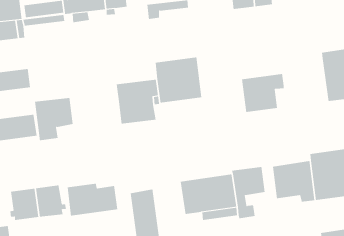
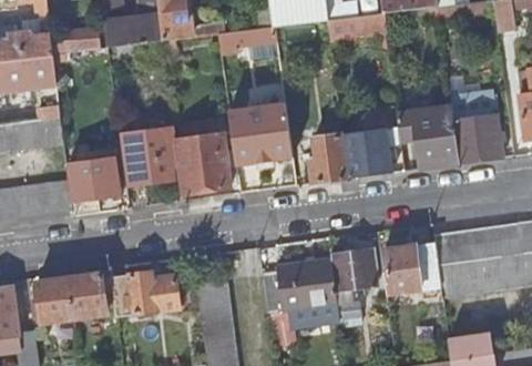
building: none -> [397,105,459,169]
building: none -> [120,126,180,185]
building: none -> [310,133,349,183]

